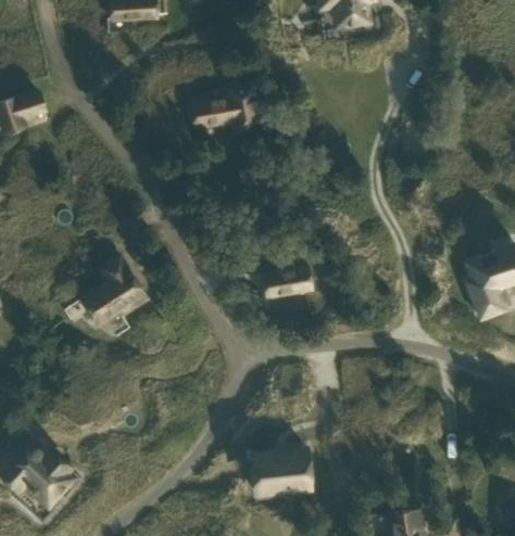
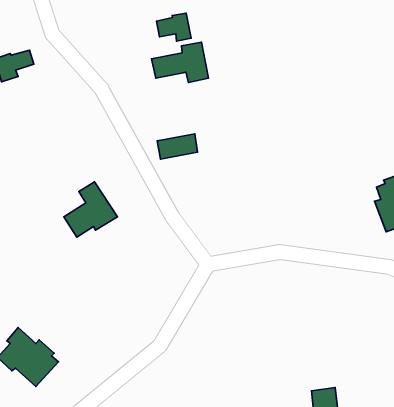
building: none -> [157,13,191,41]
building: [263,267,313,298] -> [157,134,197,159]
building: [252,449,312,495] -> none

